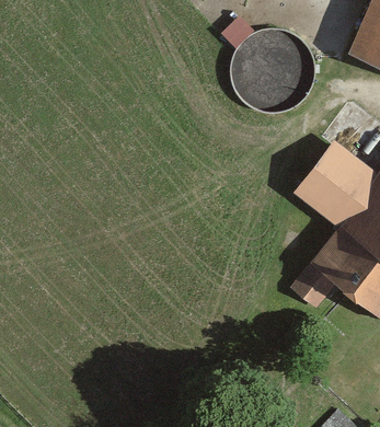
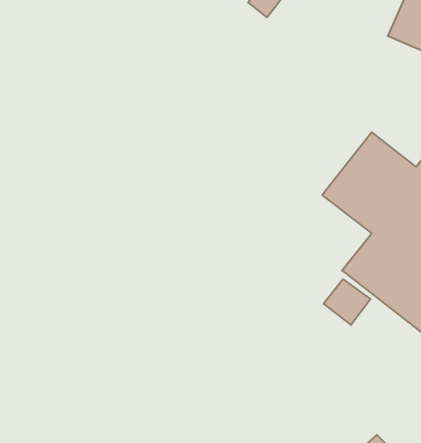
building: [230,32,315,116] -> none

